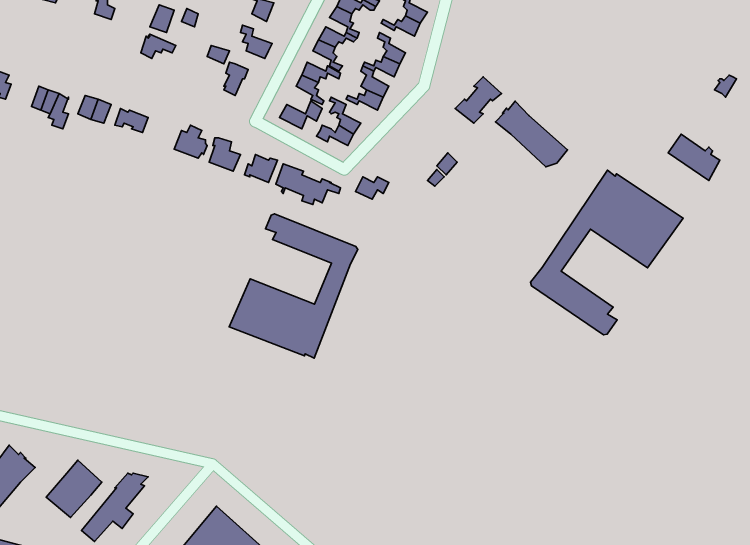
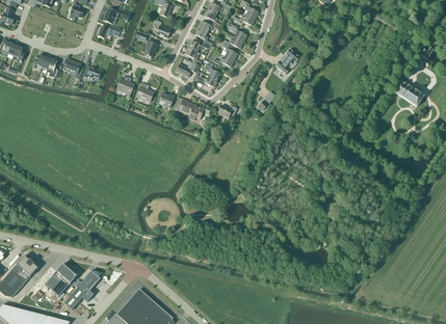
building: [496,101,567,167] -> none
building: [530,170,683,335] -> none
building: [229,214,358,358] -> none

